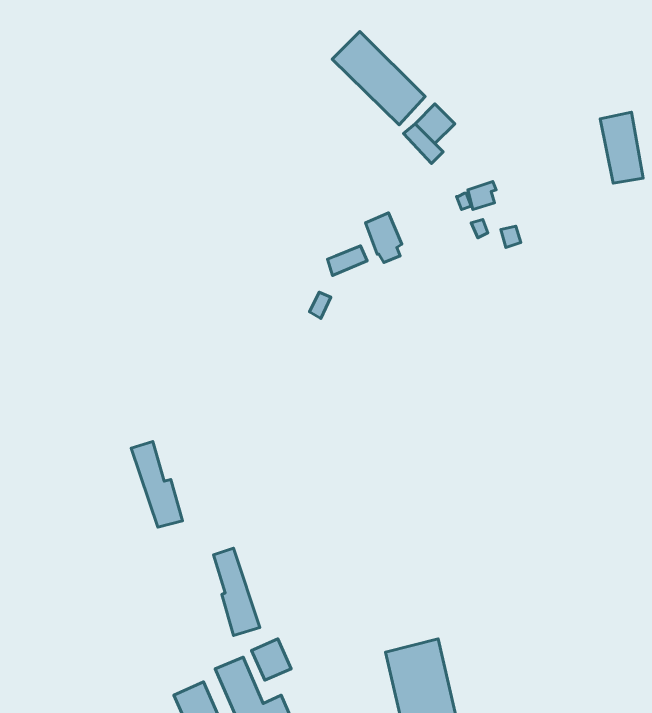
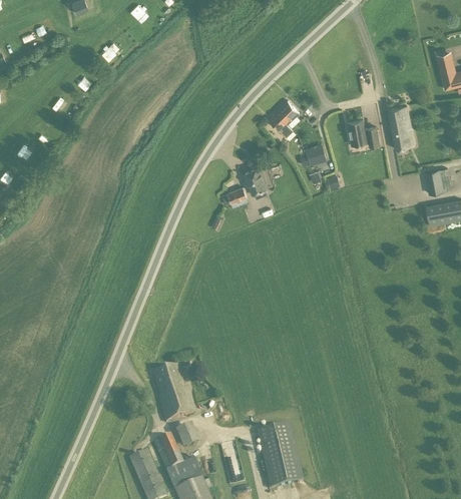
building: [332,31,425,125] -> none
building: none -> [347,119,379,146]
building: [131,441,182,527] -> [165,366,196,418]

